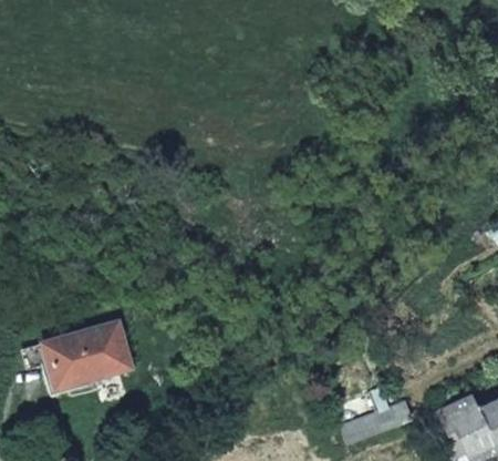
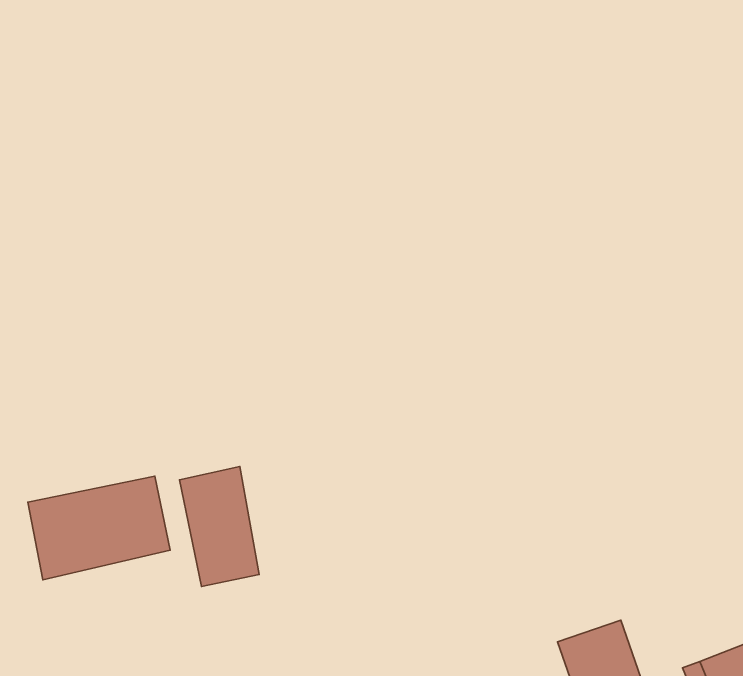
building: none -> [180,467,259,587]

